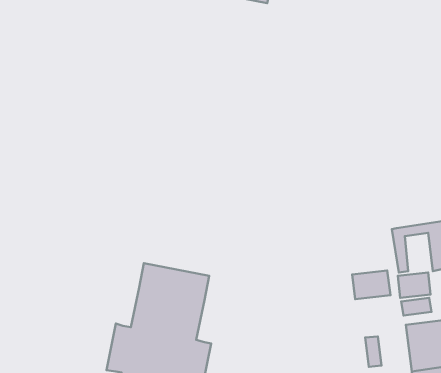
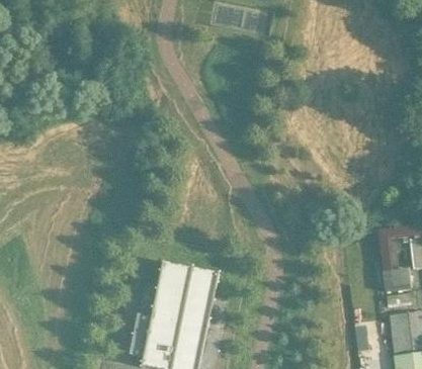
building: [352,270,390,299] -> none

